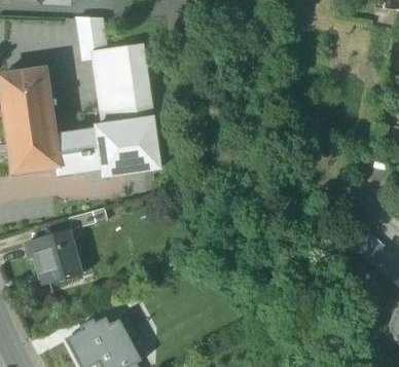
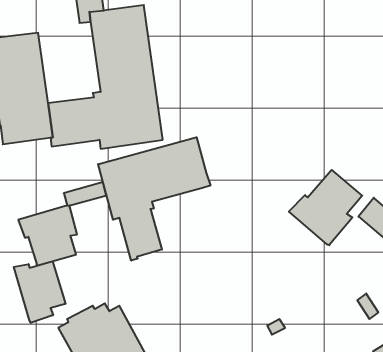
building: none -> [98,137,210,261]
building: none -> [289,170,362,245]
building: none -> [14,261,65,323]

